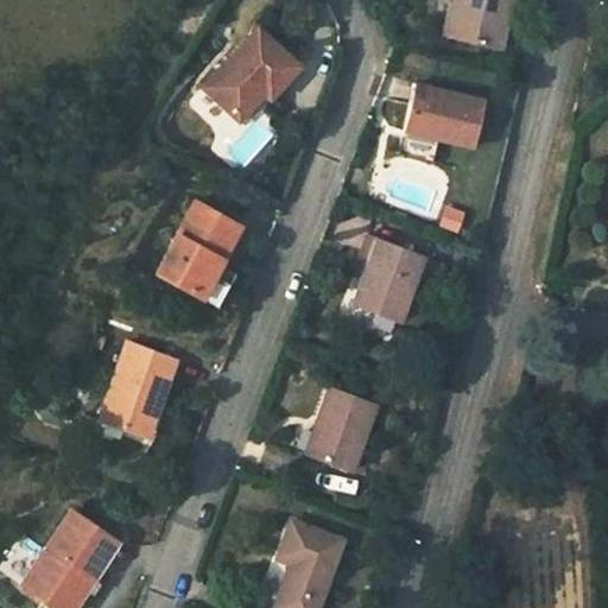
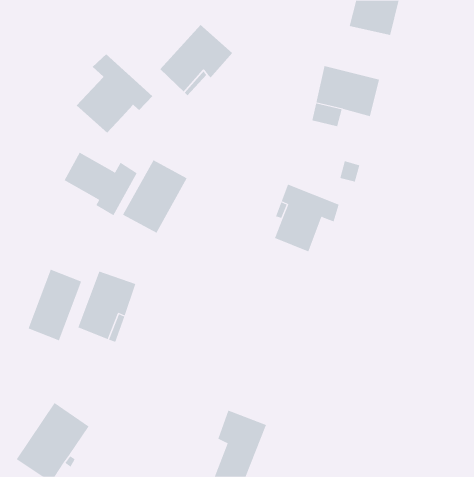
building: none -> [76,53,153,133]
building: none -> [64,152,138,216]
building: none -> [28,269,82,341]
building: [308,390,376,468] -> none

